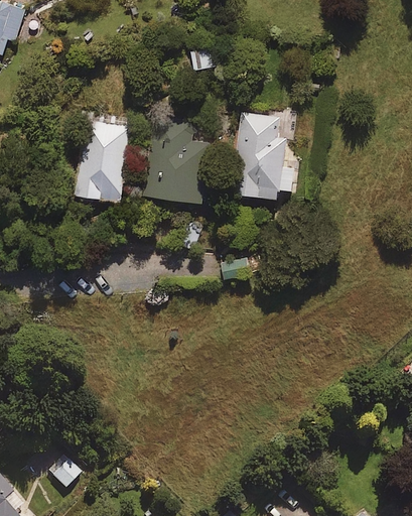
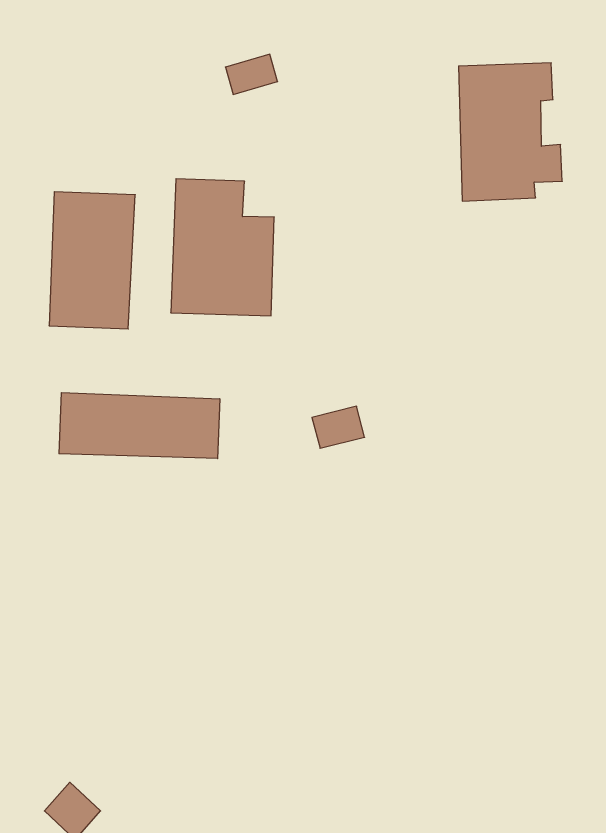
building: [235,116,294,196] -> [459,63,562,201]
building: none -> [59,393,220,459]

